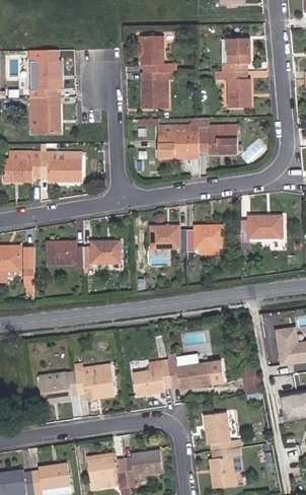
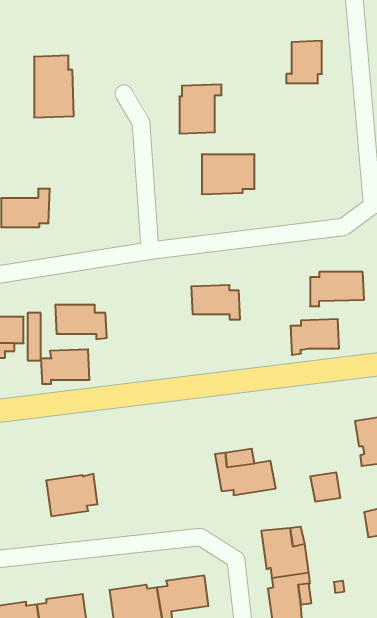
building: [140,34,176,72] -> none
building: [223,70,251,107] -> none
building: [29,95,61,133] -> none
building: [199,117,238,153] -> none
building: [41,151,82,181] -> none
building: [186,224,224,252] -> [290,319,339,355]
building: [84,239,122,266] -> [41,349,90,384]
building: [134,360,173,393] -> none
building: [74,362,116,399] -> none

